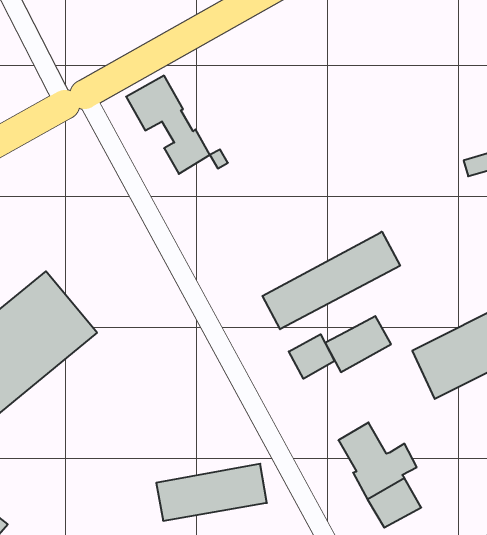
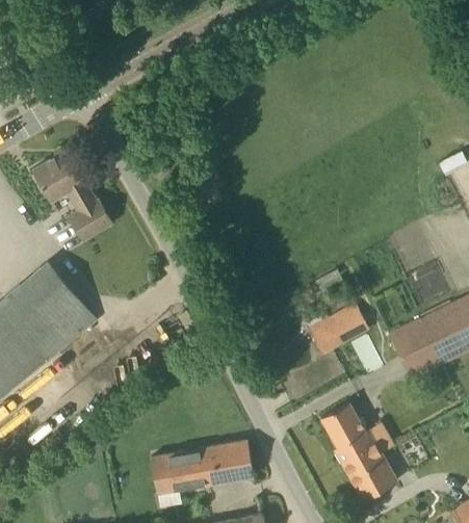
building: [126,76,210,174] -> [33,150,111,241]
building: [262,232,400,329] -> none
building: [289,334,334,379] -> none

